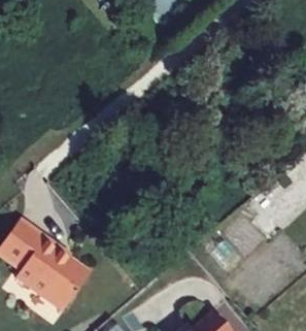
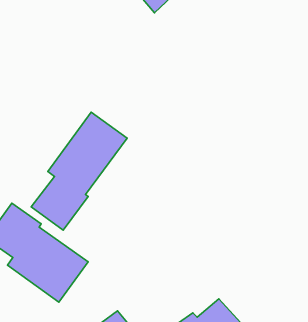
building: none -> [31,112,127,230]

